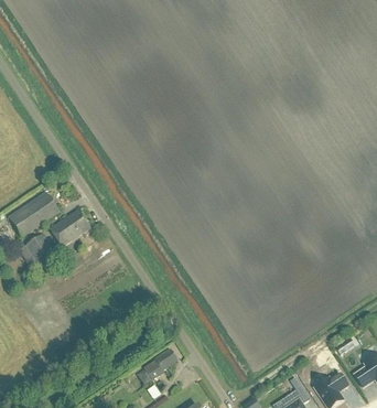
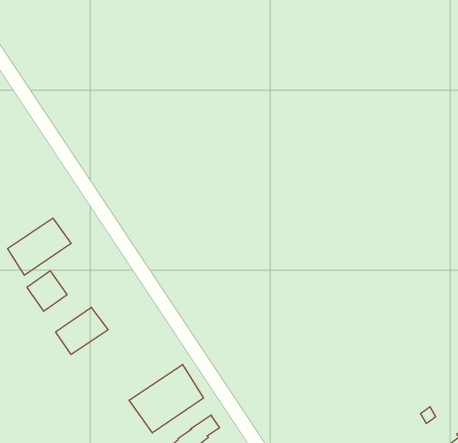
building: [49,208,90,246] -> [56,307,108,354]
building: none -> [129,364,204,433]

